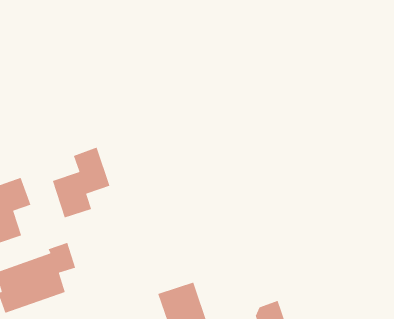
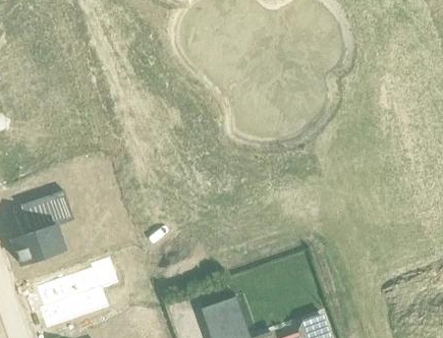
building: [52,147,111,219] -> none

